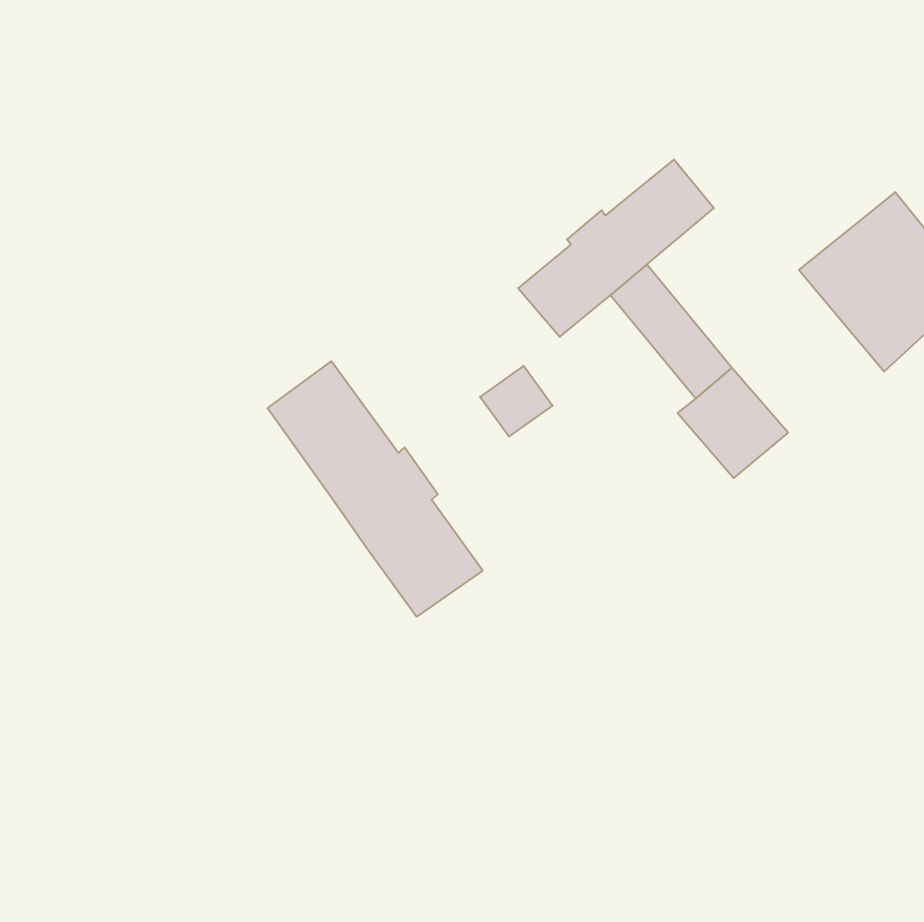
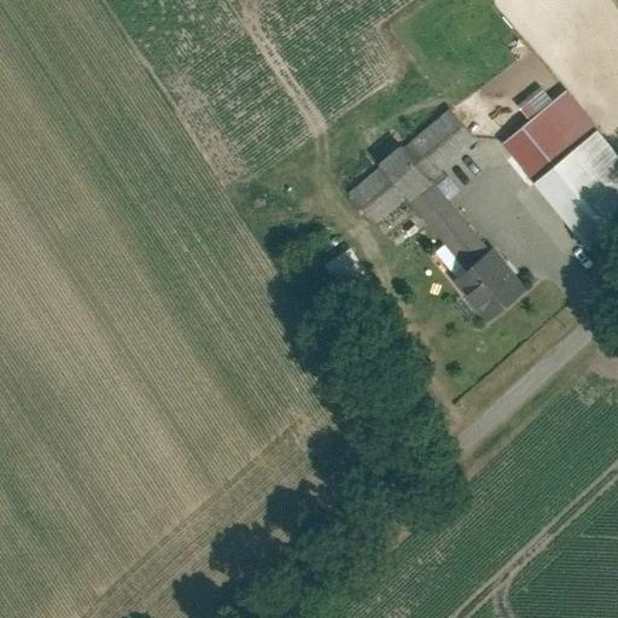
building: none -> [501,91,597,182]
building: [268,361,483,617] -> none

